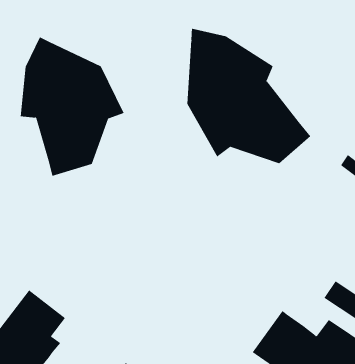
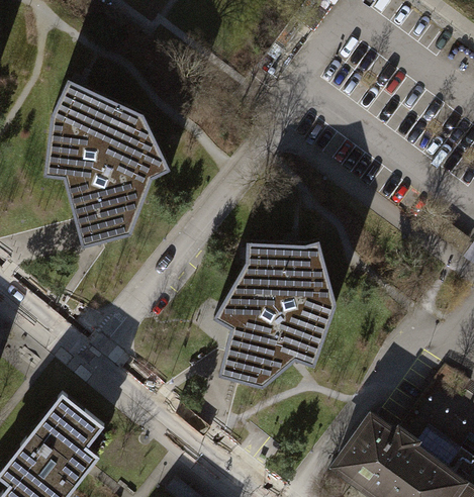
building: [187,28,311,164] -> none
building: none -> [214,246,338,393]

